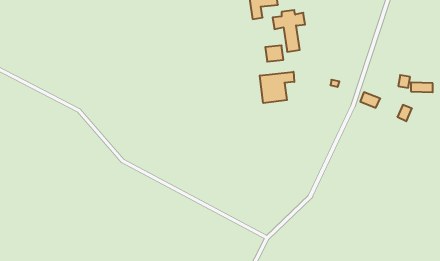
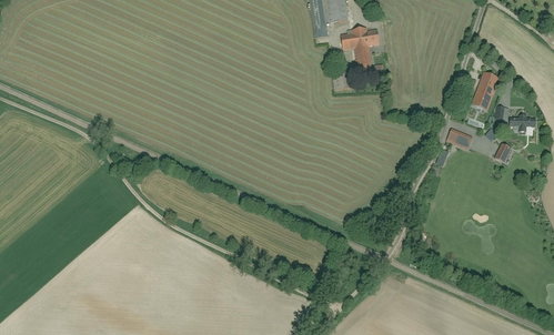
building: none -> [471,72,500,111]
building: [260,72,294,103] -> none

